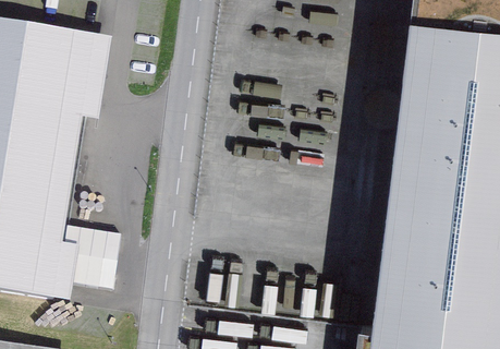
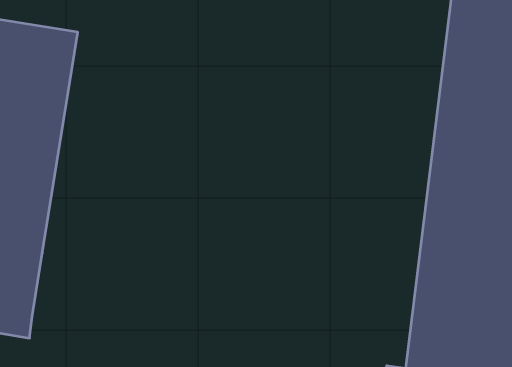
building: [56,228,121,292] -> none

